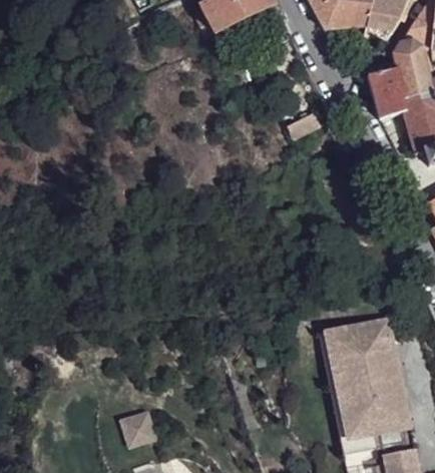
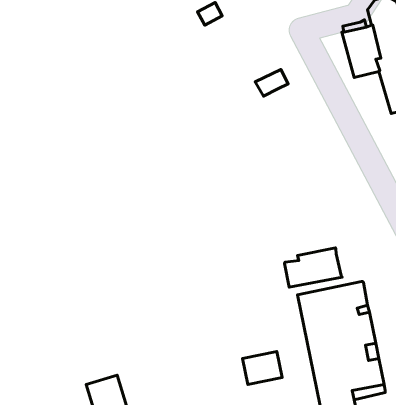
building: none -> [284,248,342,287]
building: none -> [243,351,282,384]

